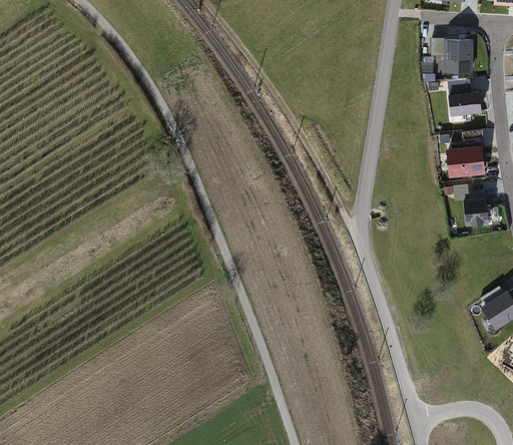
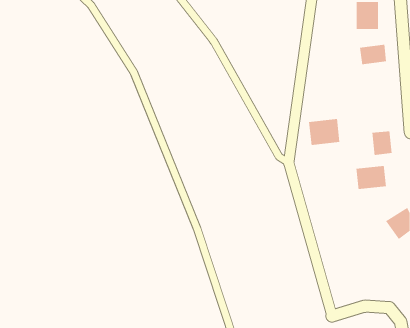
building: [446,144,485,177] -> [308,118,340,145]
building: none -> [356,165,386,190]

